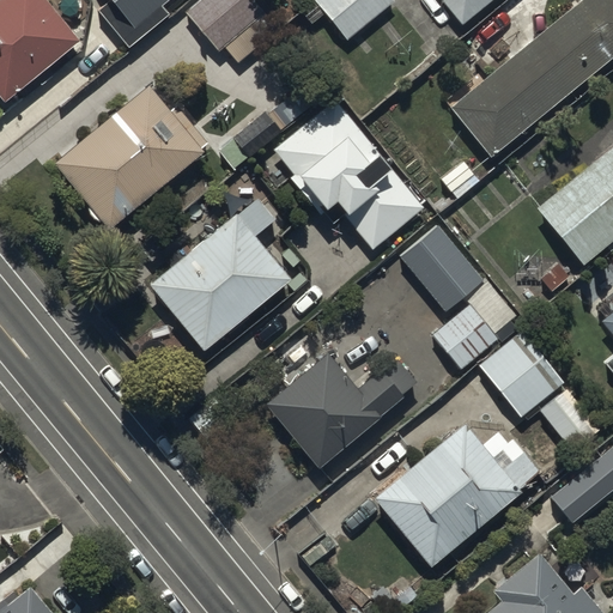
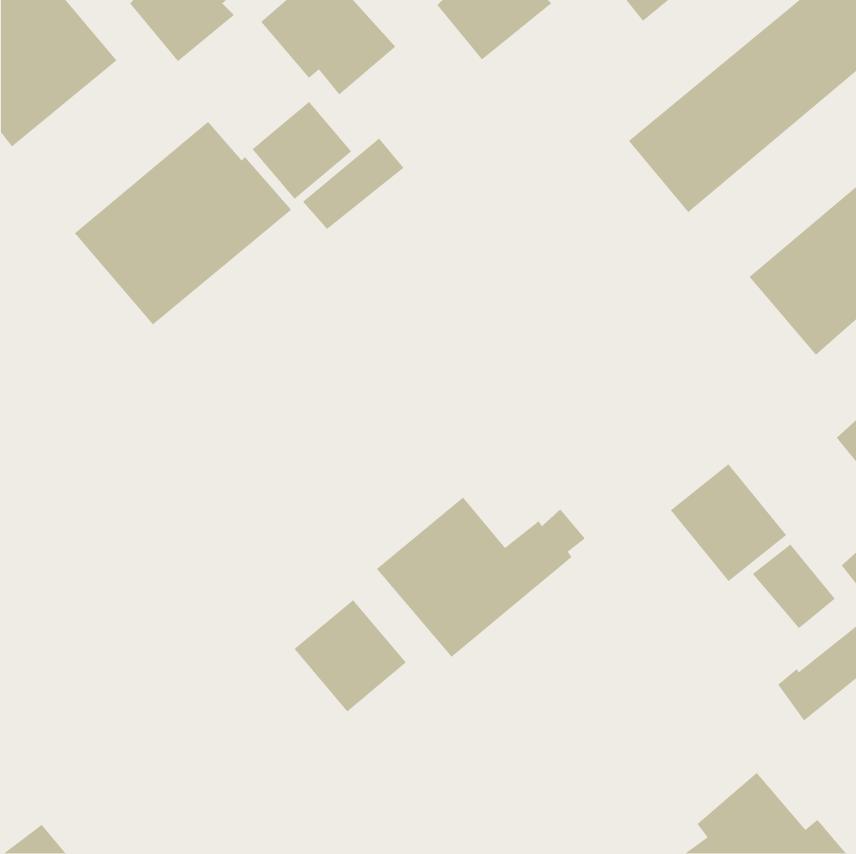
building: none -> [252,101,352,200]
building: [273,102,425,256] -> none
building: [146,199,291,356] -> none
building: [396,224,514,368] -> none
building: [374,425,539,568] -> none
building: none -> [293,599,407,712]

